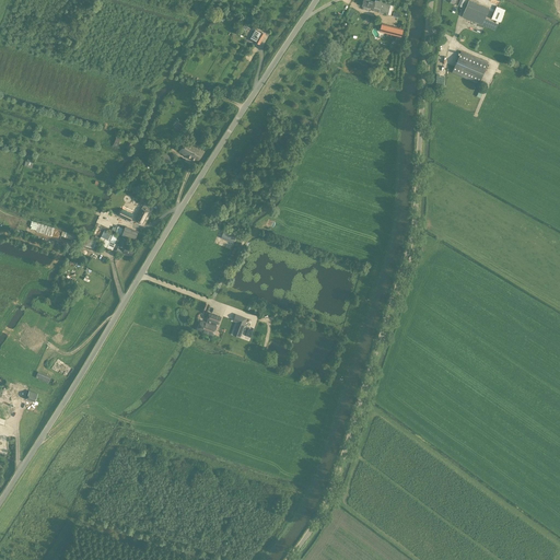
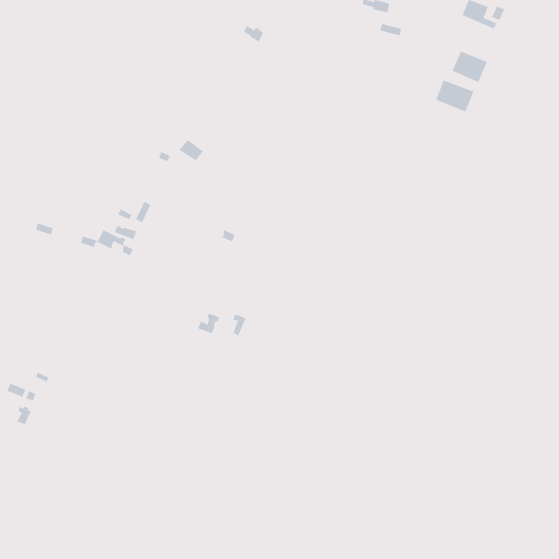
building: none -> [435,80,474,113]

